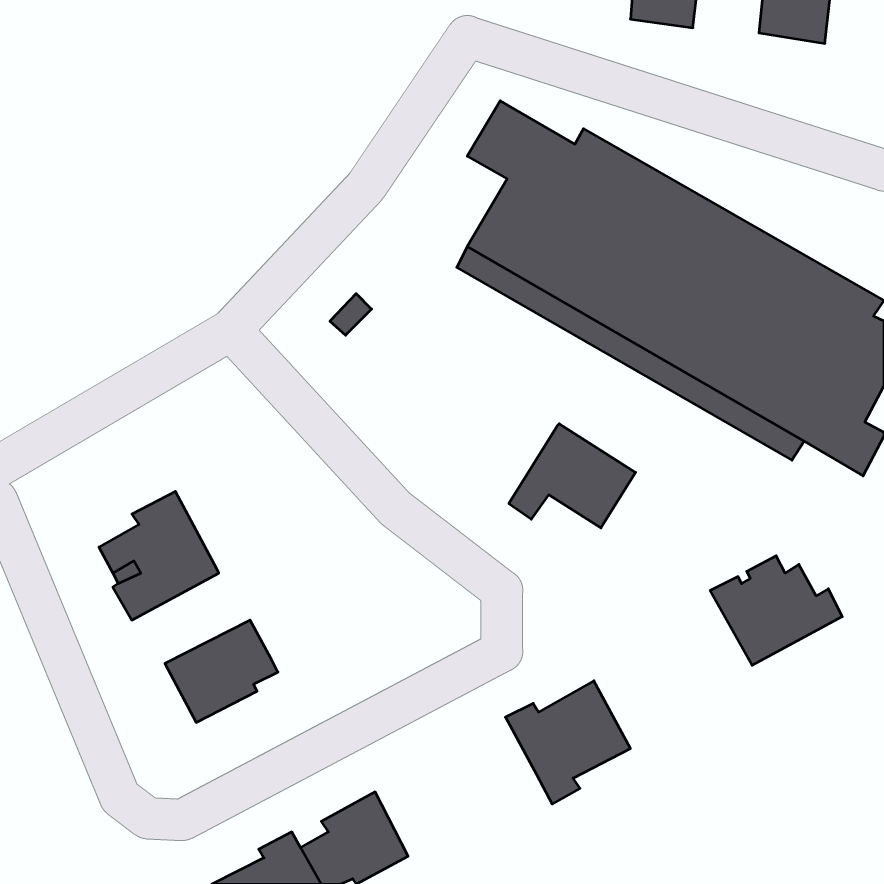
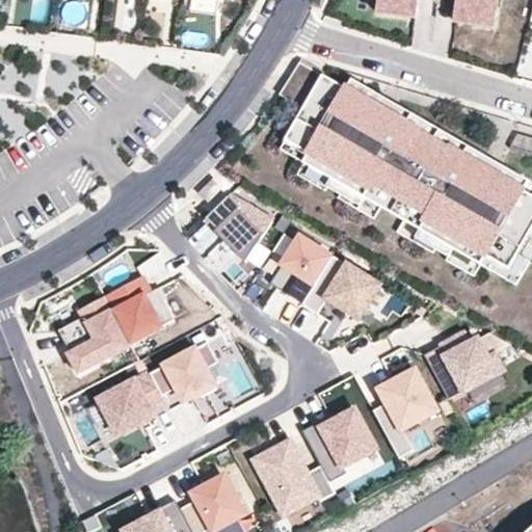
building: none -> [206,193,271,263]
building: none -> [271,234,334,301]
building: none -> [105,273,175,341]
building: none -> [150,340,219,400]
building: none -> [373,368,437,456]
building: none -> [255,438,336,513]

